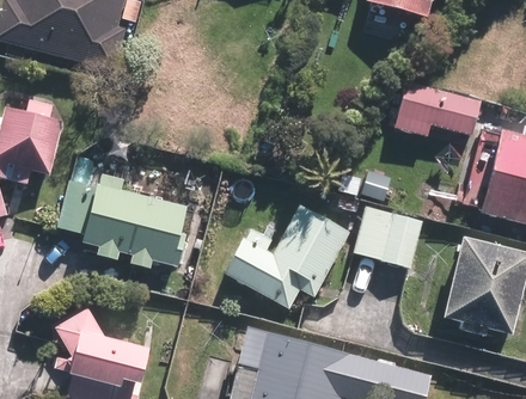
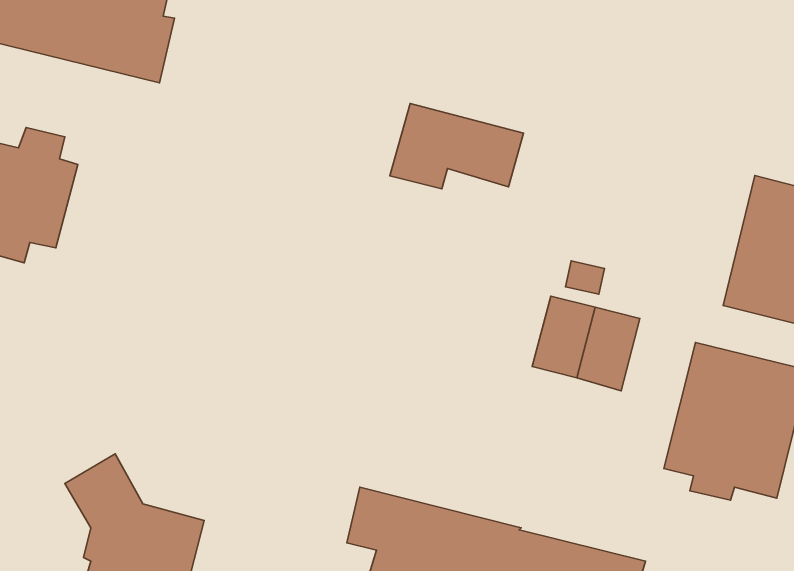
building: [393,81,479,136] -> [390,104,523,189]
building: [56,176,184,269] -> none
building: [224,204,349,308] -> none

